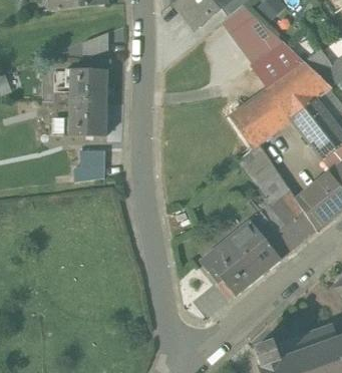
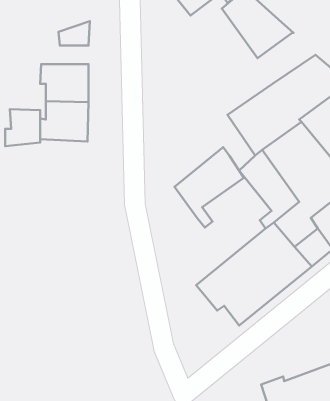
building: [251,42,303,86] -> none
building: none -> [175,147,244,228]
building: [73,148,103,180] -> [5,109,40,146]
building: [267,189,305,228] -> none

